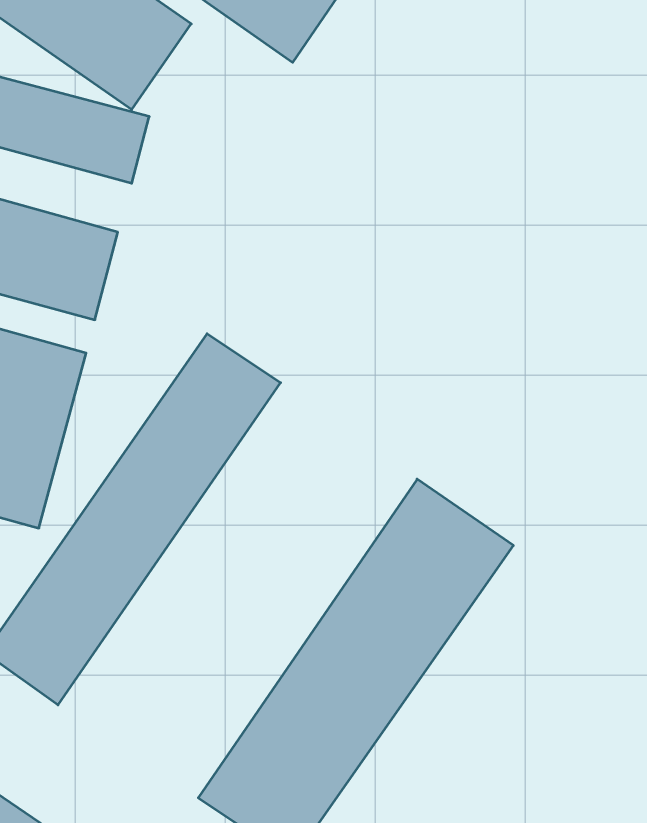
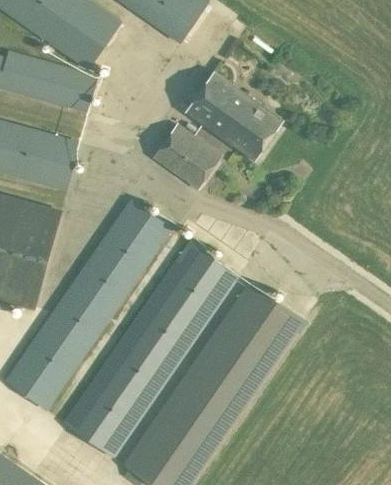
building: none -> [186,73,281,160]
building: none -> [151,122,221,190]
building: none -> [62,240,239,458]

